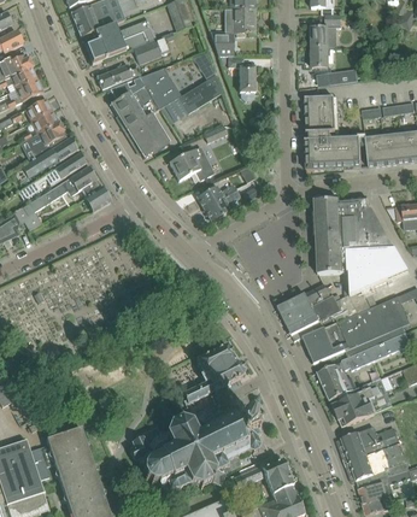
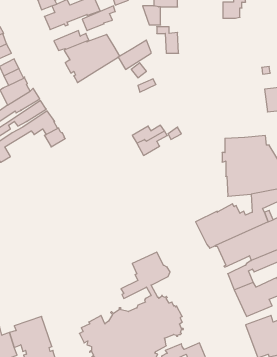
building: [312,47,358,84] -> none
building: [305,96,362,170] -> none
building: [127,113,169,158] -> none
building: [169,146,213,181] -> none

